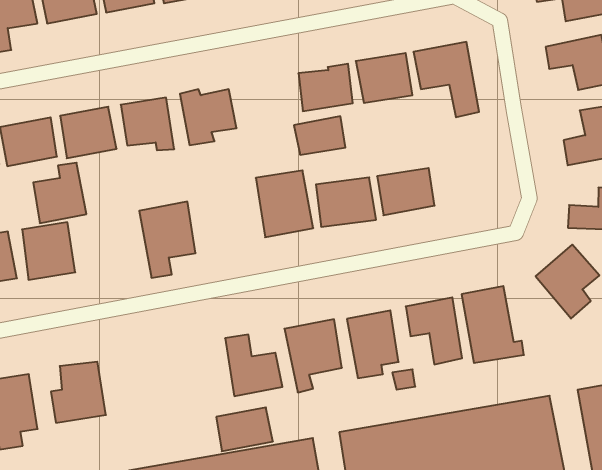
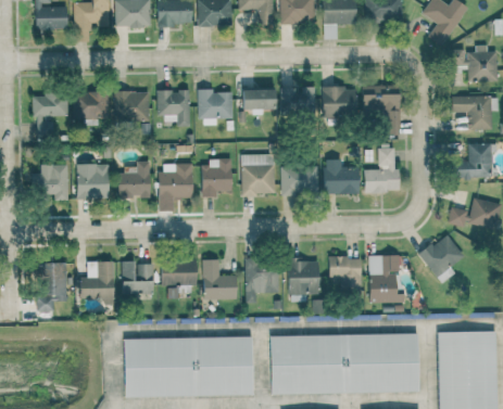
building: [294,116,345,155] -> [241,88,274,110]
building: none -> [364,148,399,191]
building: [33,163,86,223] -> [118,161,151,197]
building: none -> [201,159,231,196]
building: none -> [122,260,153,293]
building: [216,407,273,451] -> [161,260,197,285]

